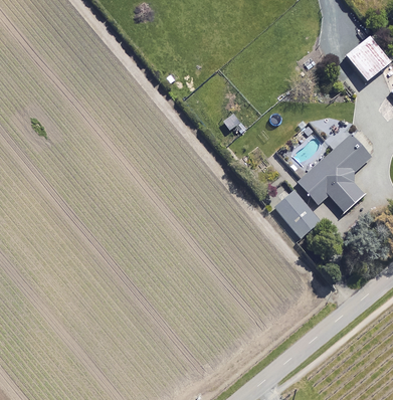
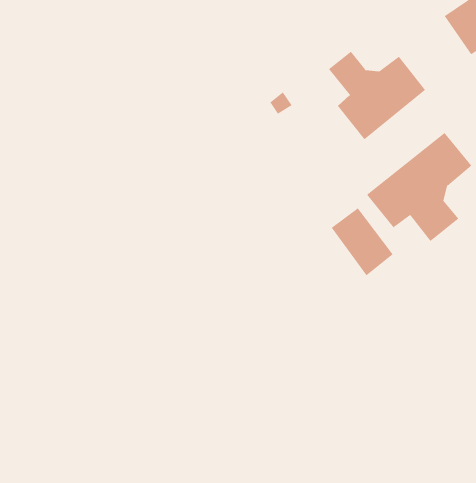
building: none -> [328,51,426,140]

